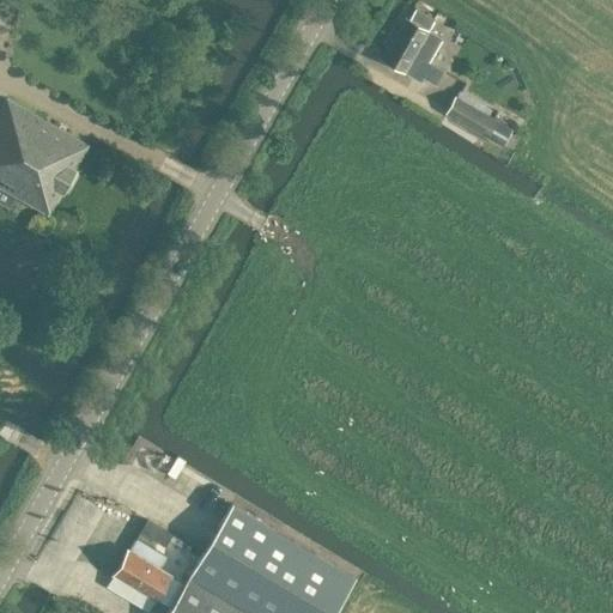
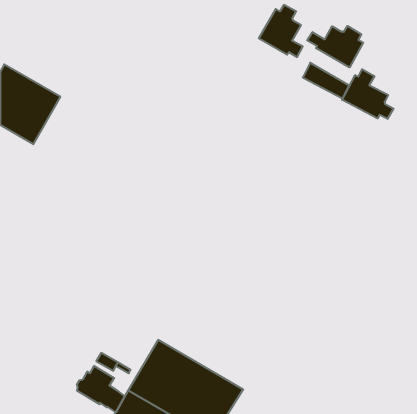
building: none -> [307,26,363,67]
building: none -> [342,69,394,119]

